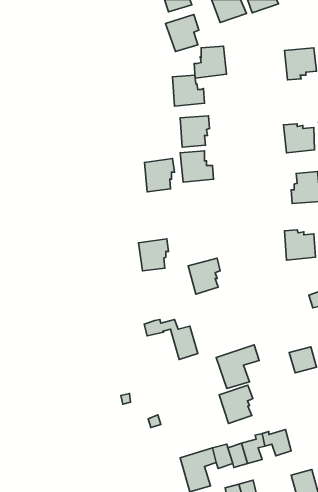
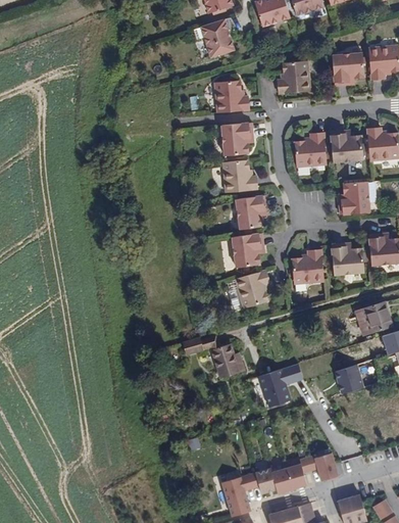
building: [194,46,226,78] -> [281,59,314,93]
building: none -> [295,133,326,168]
building: [144,159,175,192] -> [232,195,263,230]
building: none -> [291,248,323,284]
building: [138,239,169,271] -> [231,233,262,267]
building: [219,385,253,424] -> none

